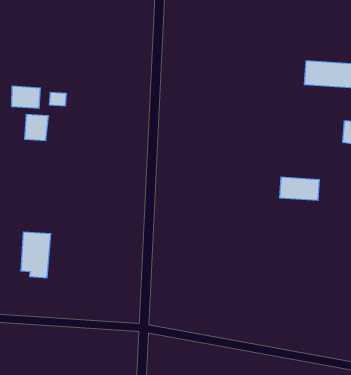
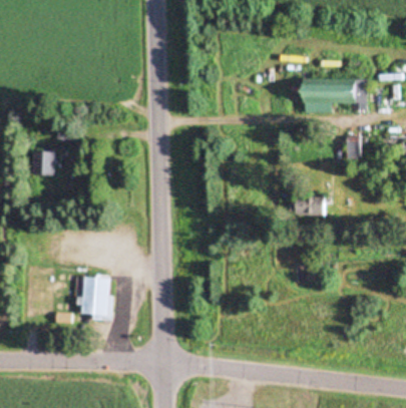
building: [12,86,40,109] -> none
building: [21,232,51,278] -> [83,277,110,320]

